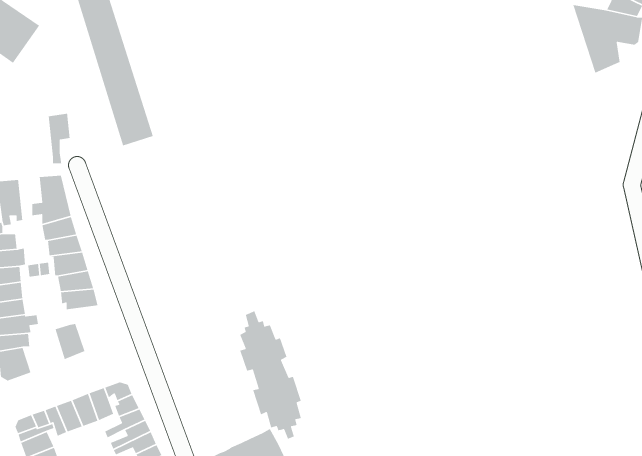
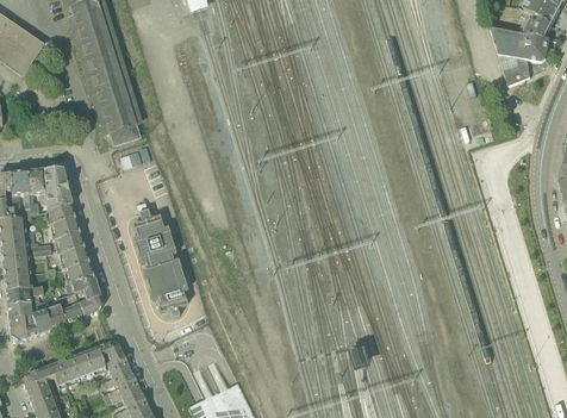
building: [48,113,71,164] -> [26,169,45,212]
building: none -> [64,277,101,316]
building: [239,310,302,440] -> [133,207,186,316]
building: none -> [30,297,64,333]

